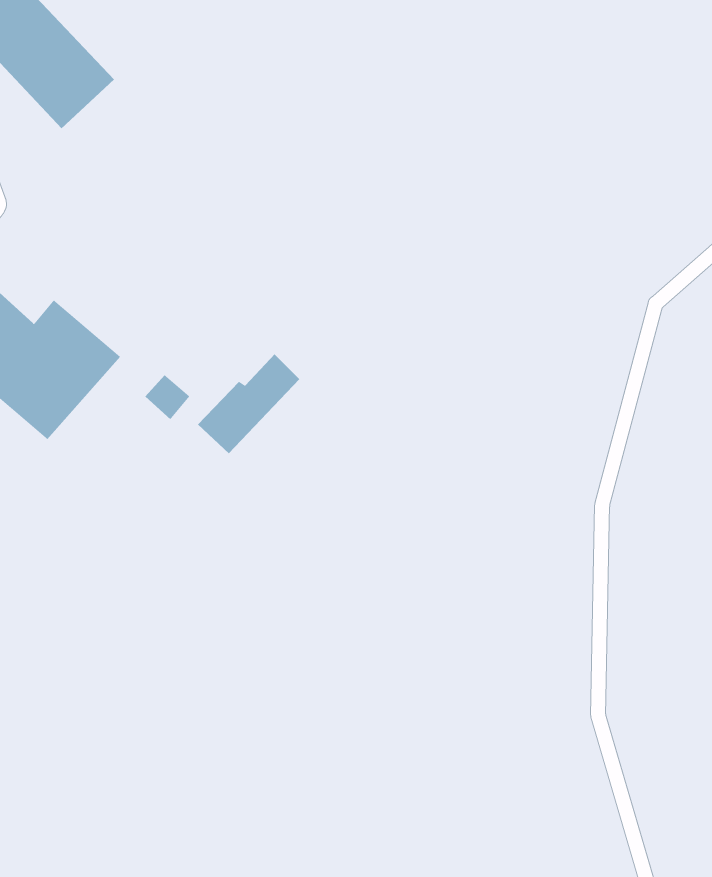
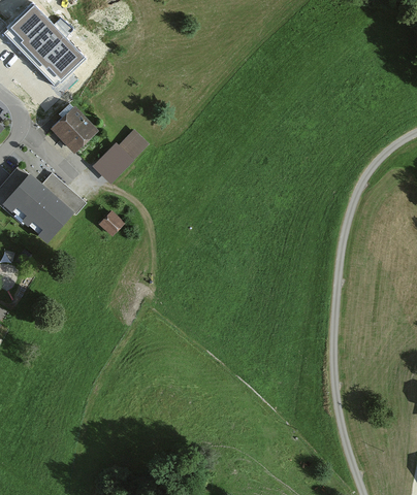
building: none -> [55,107,97,150]
building: [197,353,300,454] -> [93,129,147,182]

